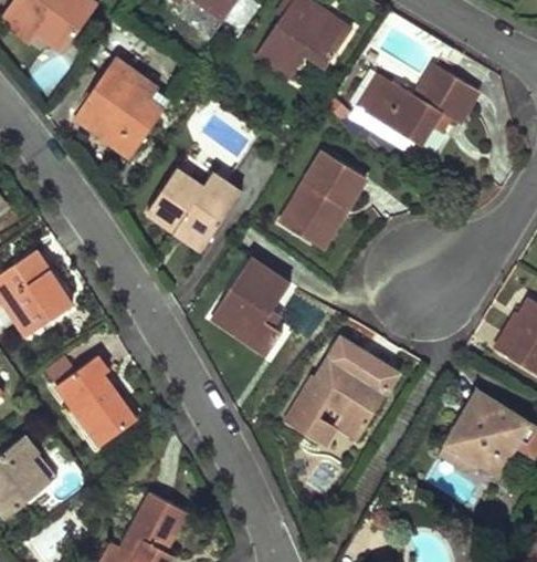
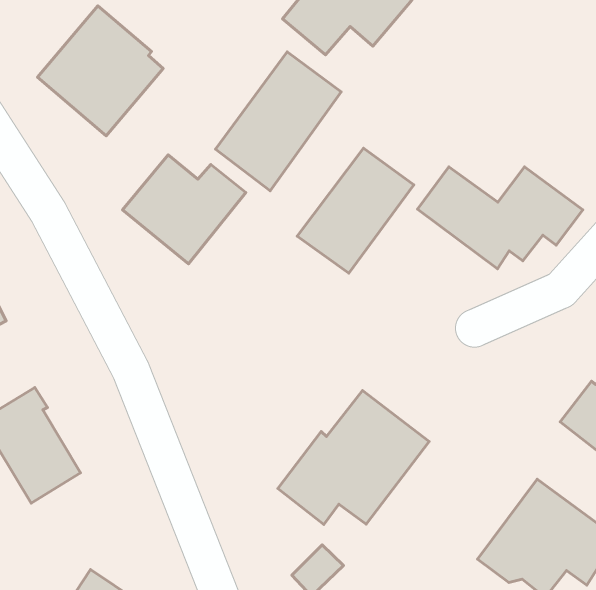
building: [355,71,481,150] -> [417,167,583,269]
building: none -> [216,52,341,191]
building: [211,258,289,354] -> none

